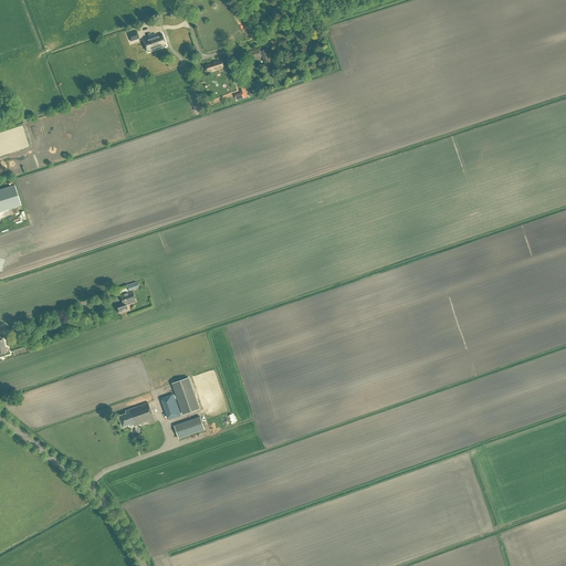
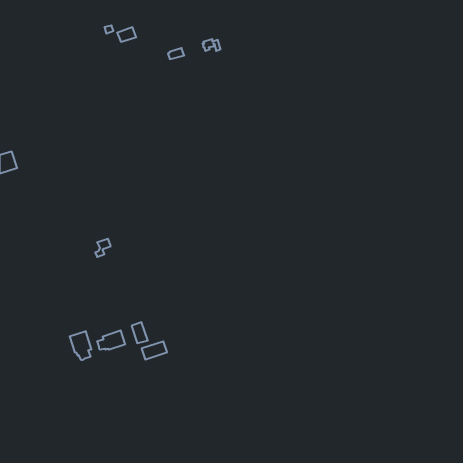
building: [171,376,197,412] -> none
building: none -> [70,331,91,360]

